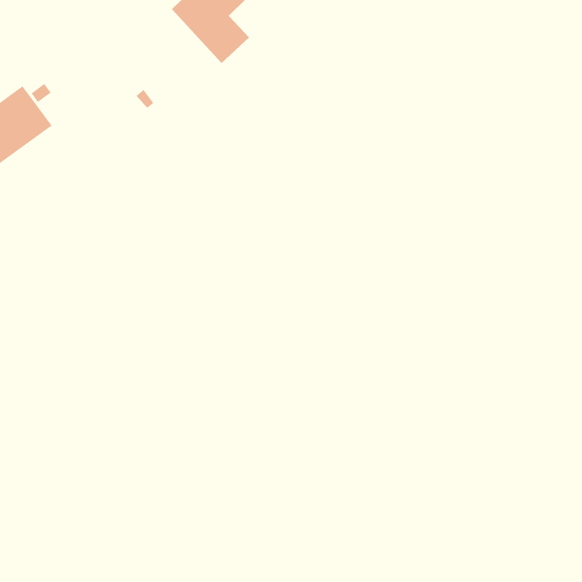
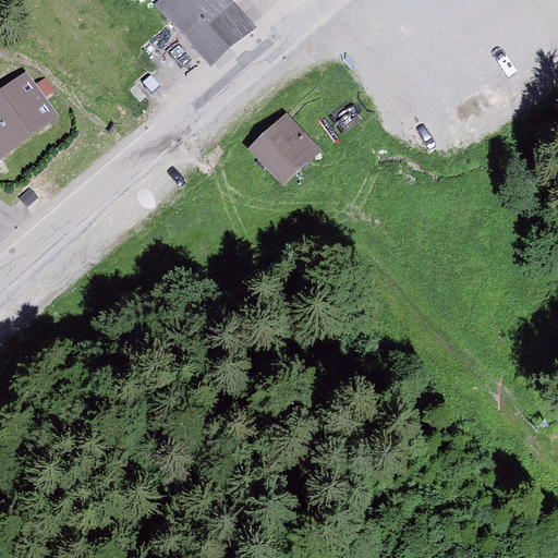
building: none -> [255,125,313,181]

